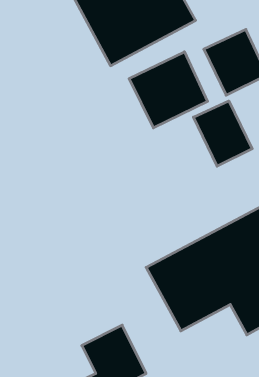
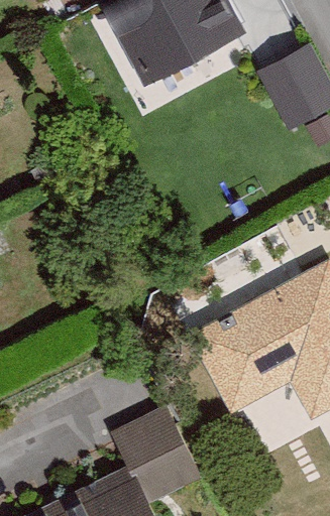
building: [129,52,208,128] -> none
building: [193,101,252,166] -> none

